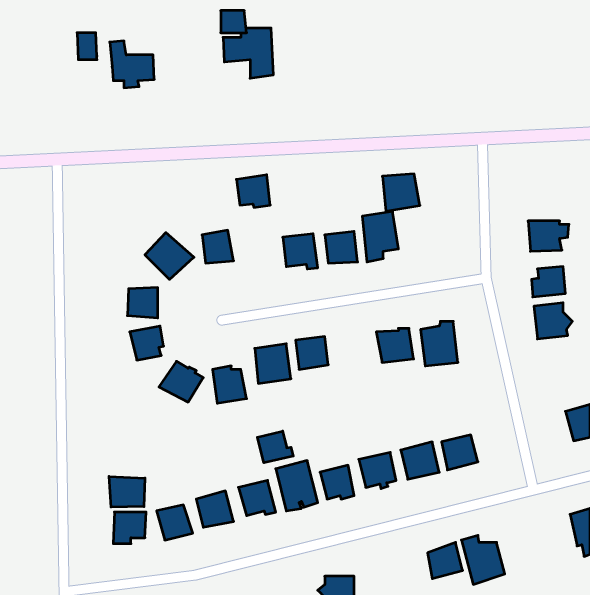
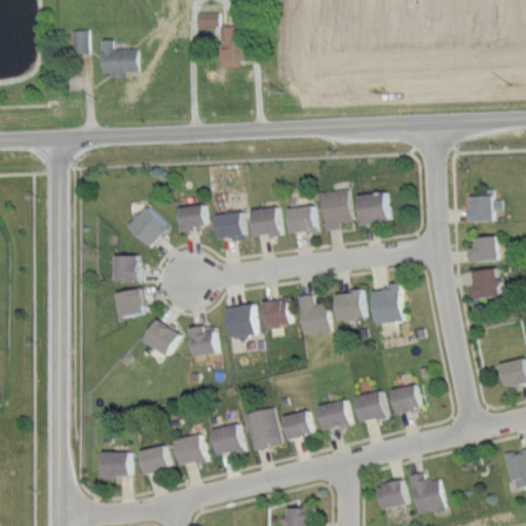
building: [382,174,420,211] -> [355,194,388,227]
building: [236,175,270,207] -> [214,212,243,240]
building: none -> [295,296,329,335]
building: [257,431,293,463] -> none
building: [109,476,145,507] -> none

